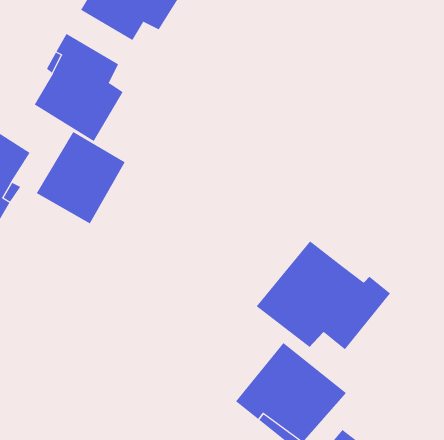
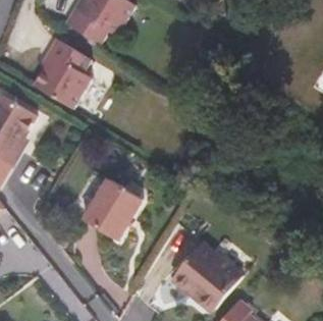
building: [36,131,126,224] -> [82,179,141,240]
building: [256,240,391,350] -> none

